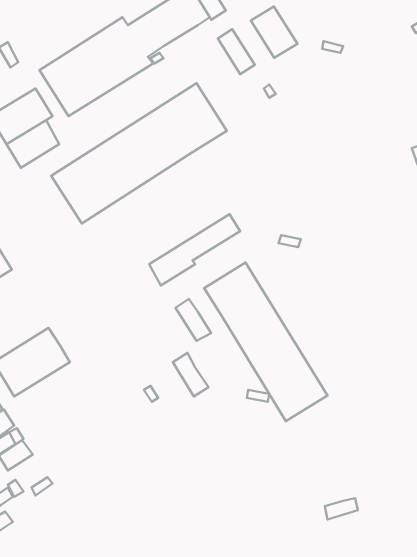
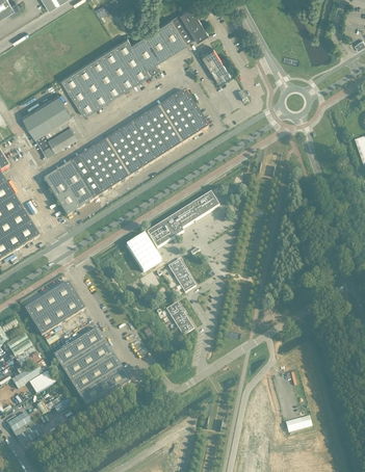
building: [251,6,297,58] -> none
building: none -> [43,162,94,216]
building: [204,263,327,421] -> none
building: none -> [126,234,160,272]
building: none -> [53,329,130,409]

